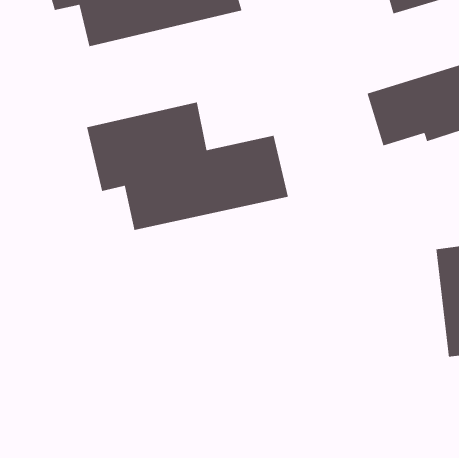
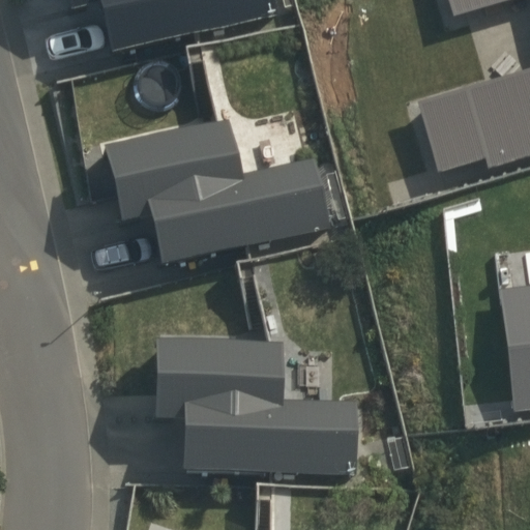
building: none -> [151,338,359,471]

